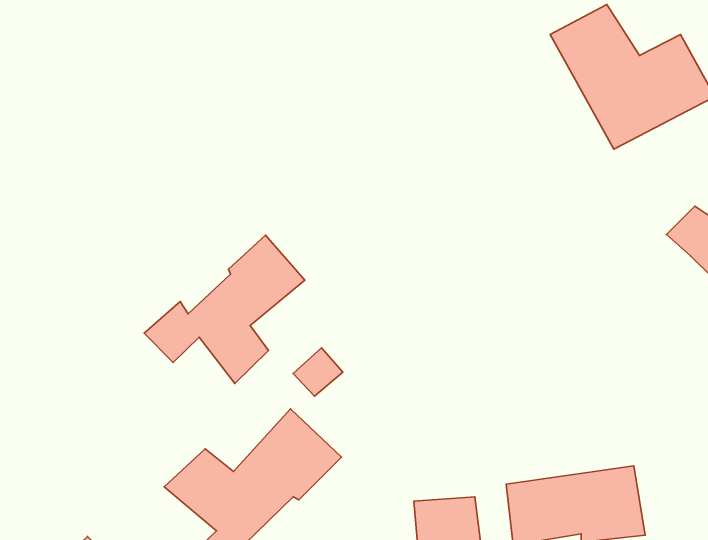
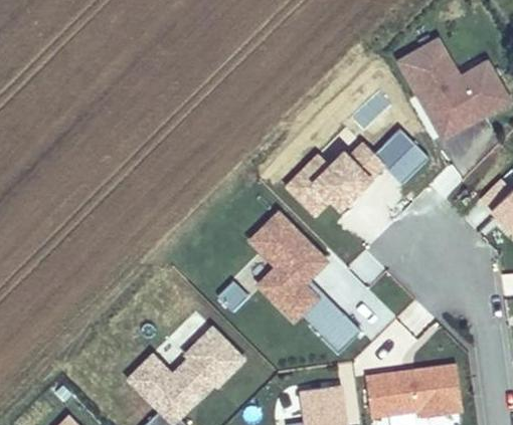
building: none -> [283,128,430,216]
building: [144,235,305,384] -> none
building: none -> [244,210,360,354]

